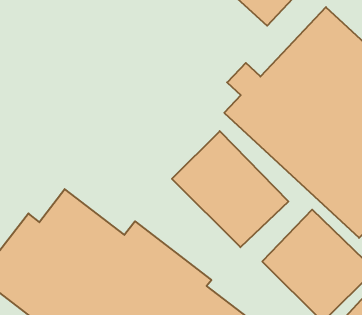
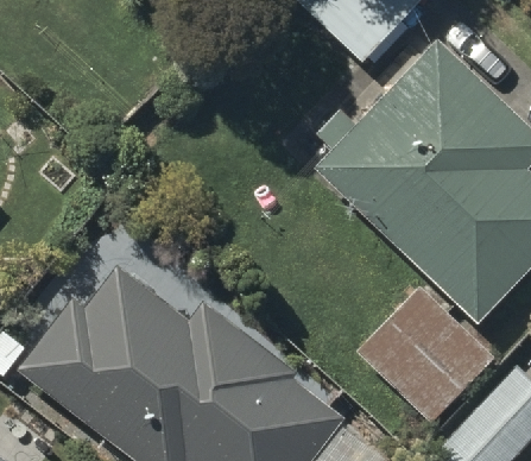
building: [172,131,288,247] -> none

